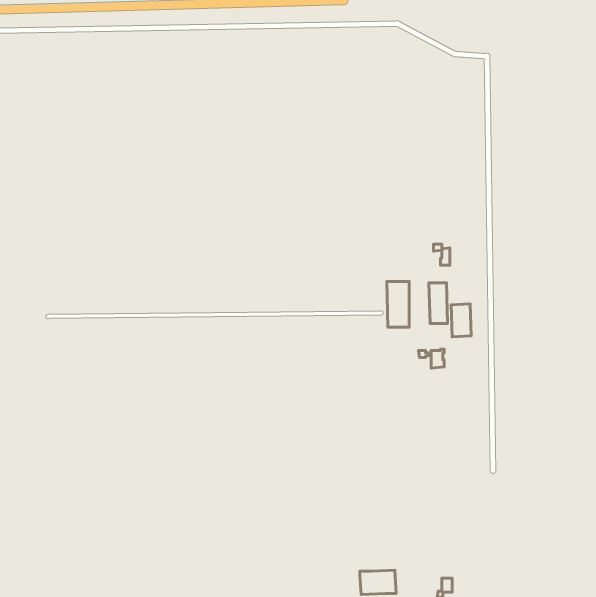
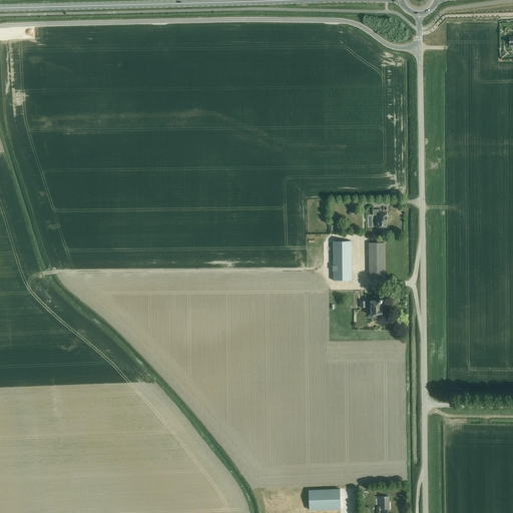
building: [451,304,471,337] -> none

